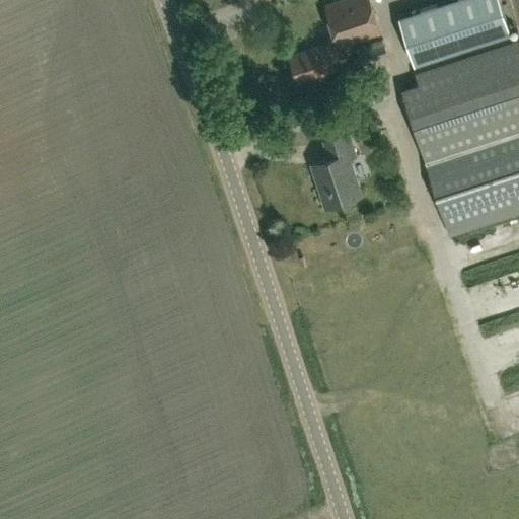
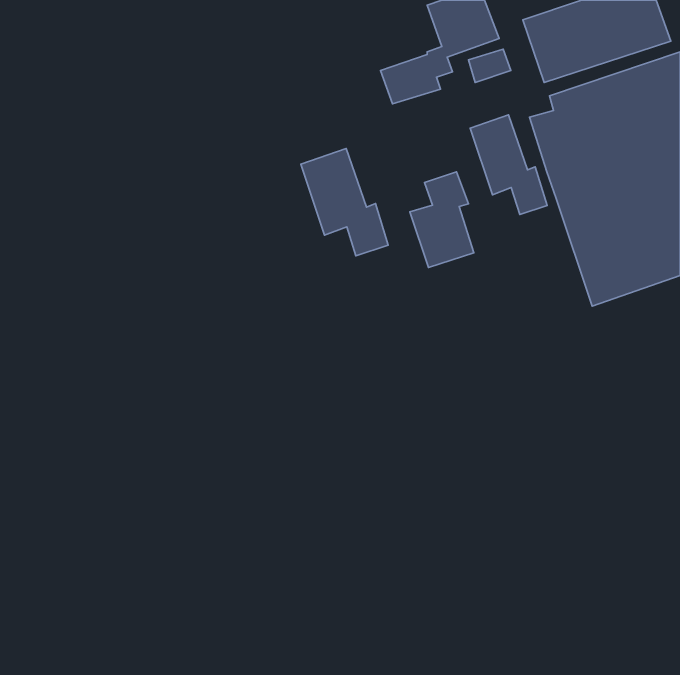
building: none -> [470,115,547,215]
building: none -> [301,148,388,256]

